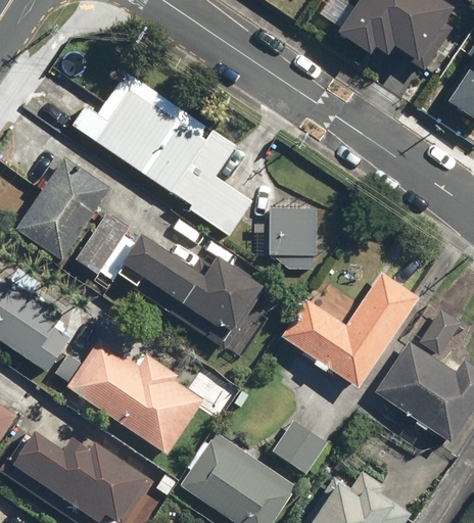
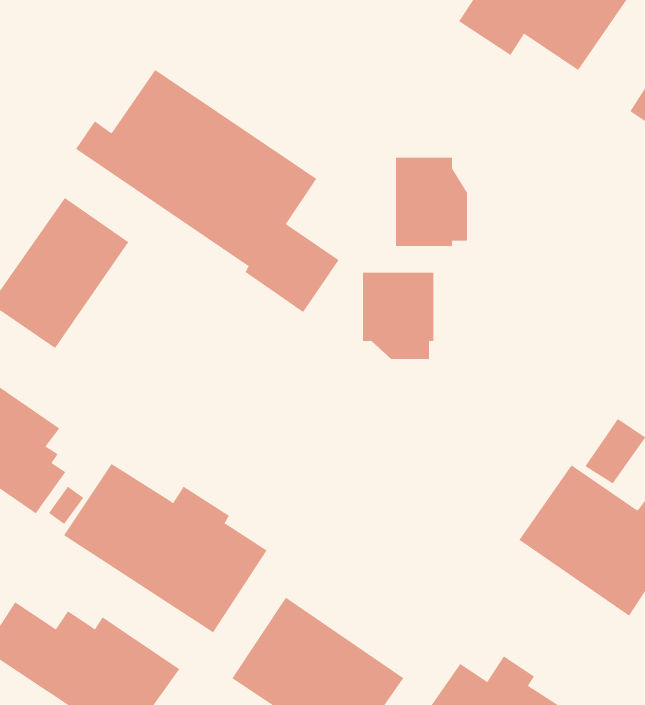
building: none -> [395,157,467,247]
building: [75,213,129,275] -> none
building: [120,235,259,337] -> none
building: [281,273,419,388] -> none
building: [272,418,329,474] -> none

